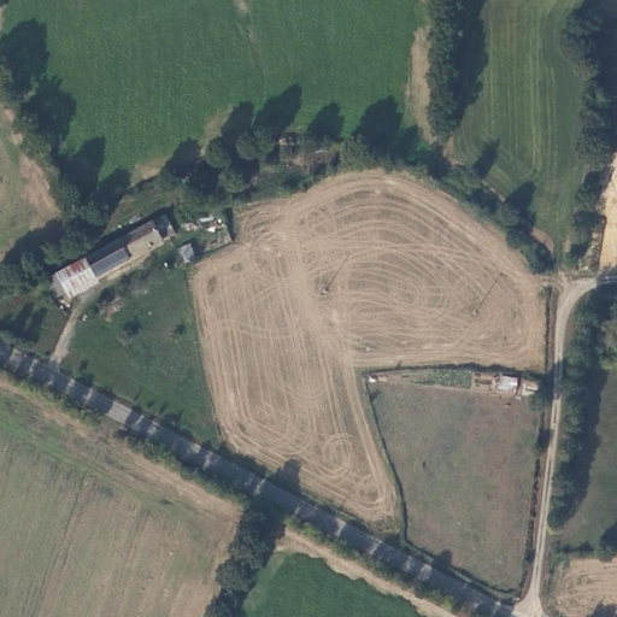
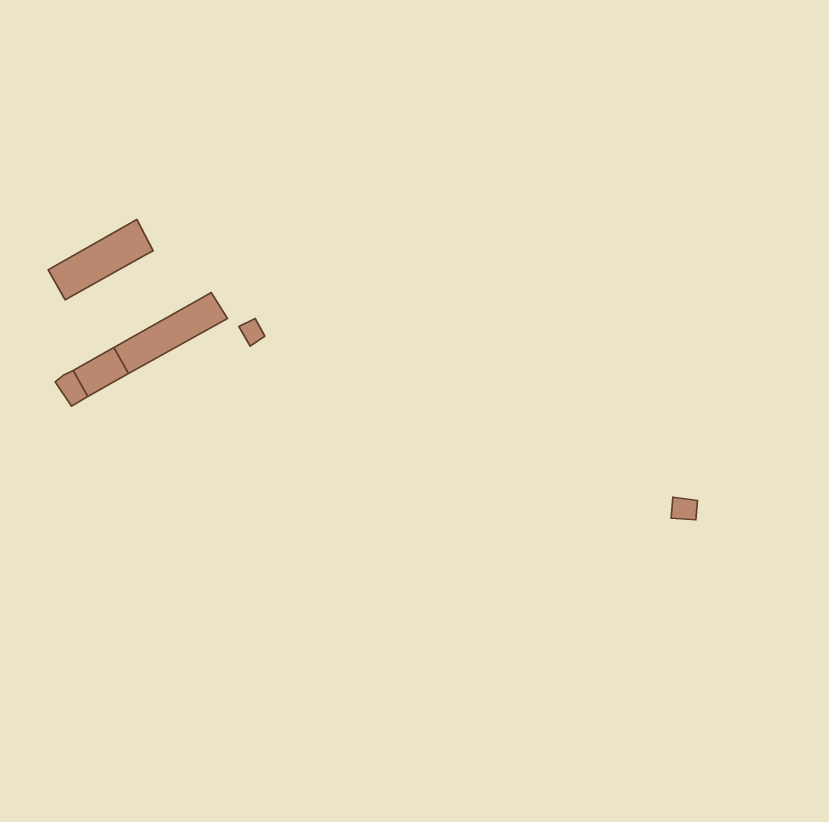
building: none -> [48,219,153,300]

